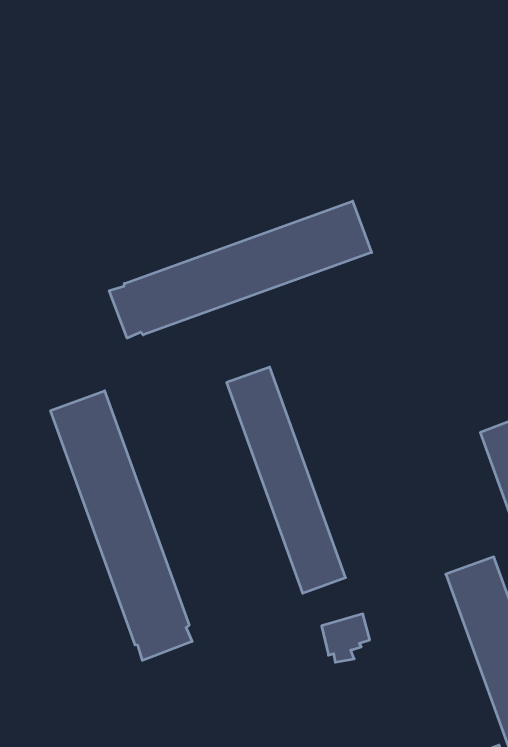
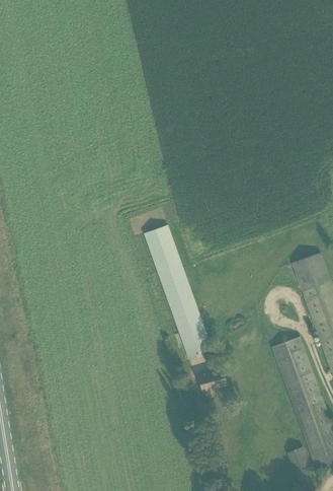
building: [109,201,372,338] -> none
building: [51,391,192,660] -> none

